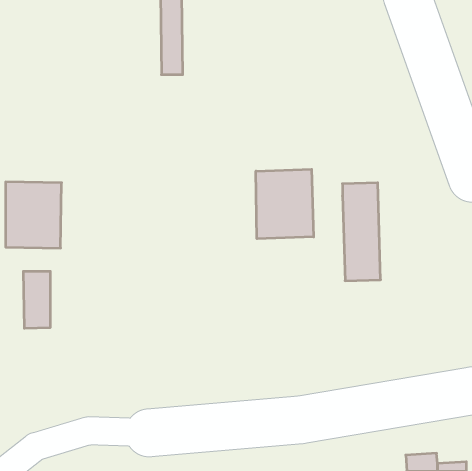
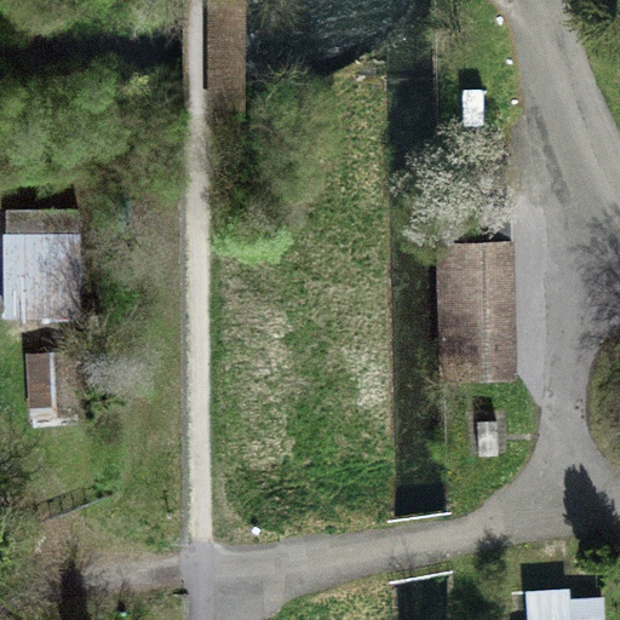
building: [256,169,314,239] -> none

